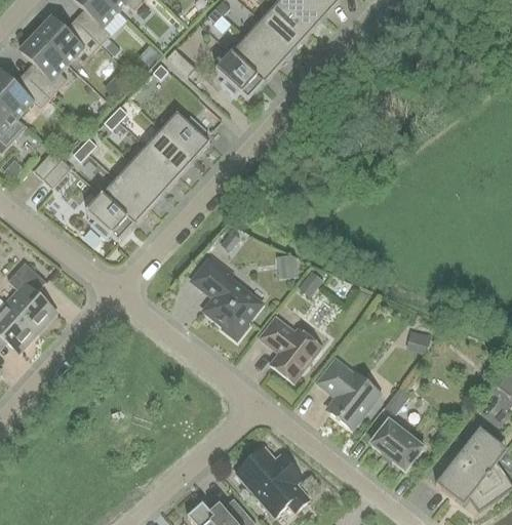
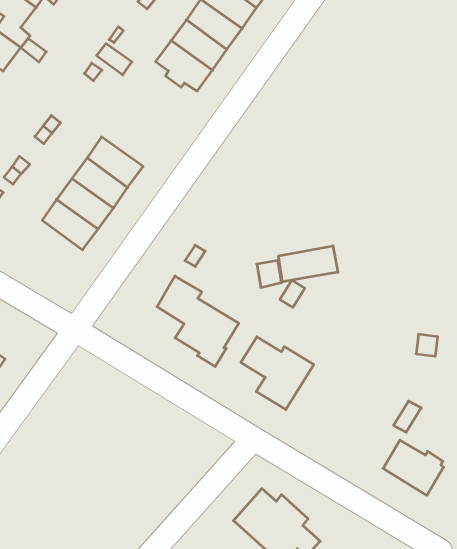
building: [161,112,209,158] -> none
building: [86,194,133,241] -> none
building: none -> [279,246,338,282]
building: [316,357,379,428] -> none

